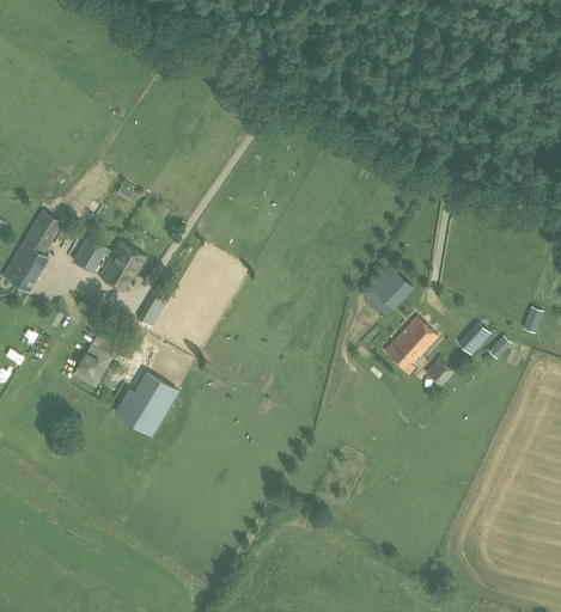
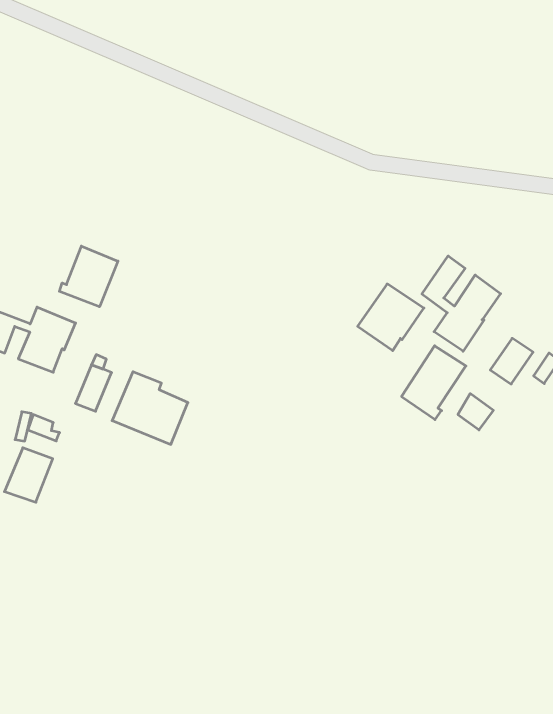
building: none -> [59,246,118,307]
building: none -> [422,256,501,351]
building: [110,378,170,437] -> [112,372,188,444]

